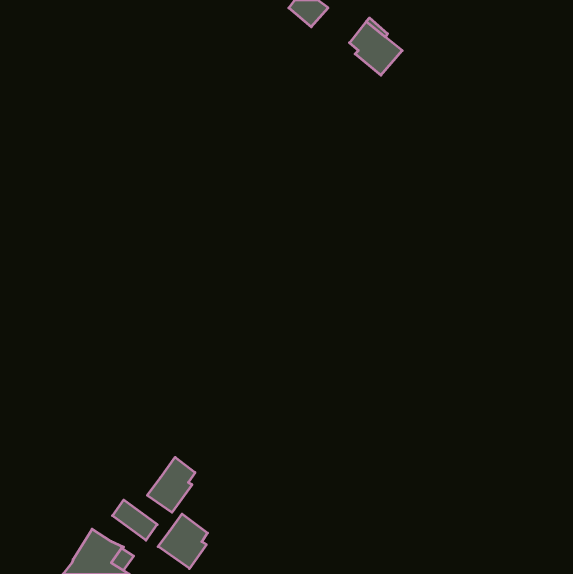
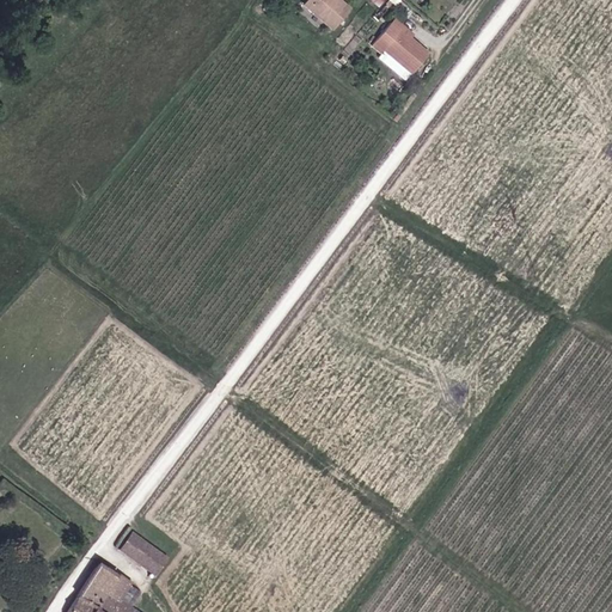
building: [147,457,195,512] -> none
building: [158,514,208,569] -> none

